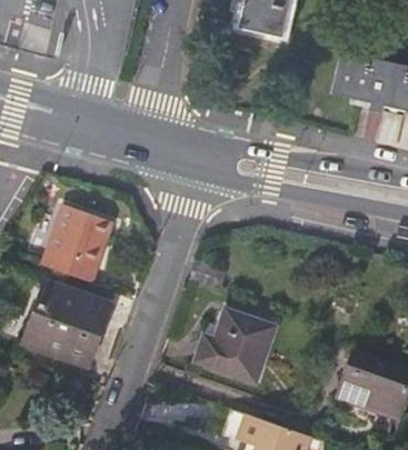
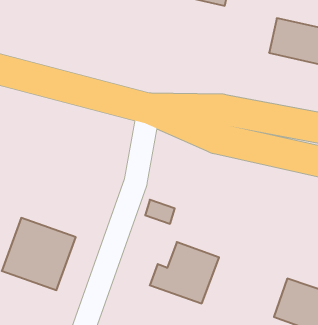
building: [41,206,112,283] -> none

